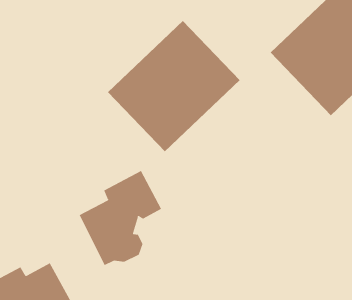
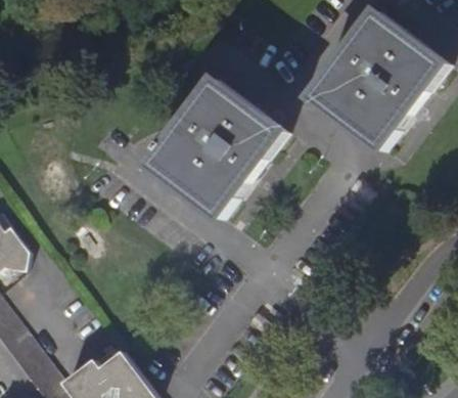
building: [79,170,162,266] -> none

